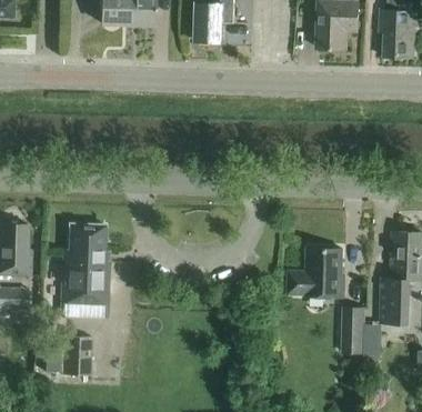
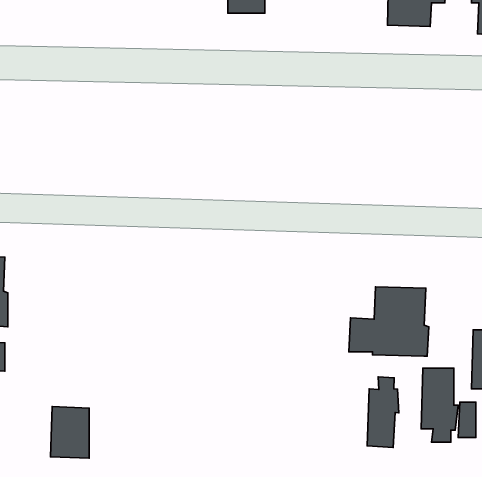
building: [60,224,109,304] -> none
building: none -> [367,377,399,447]

